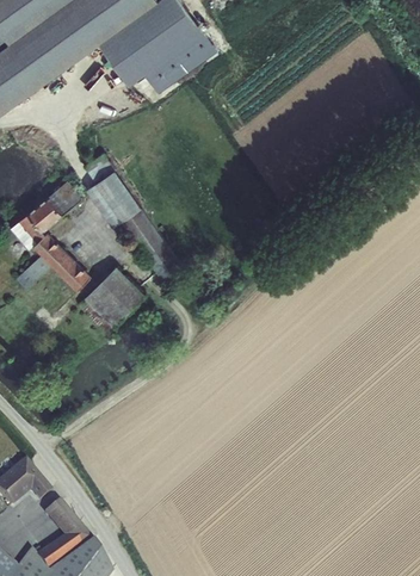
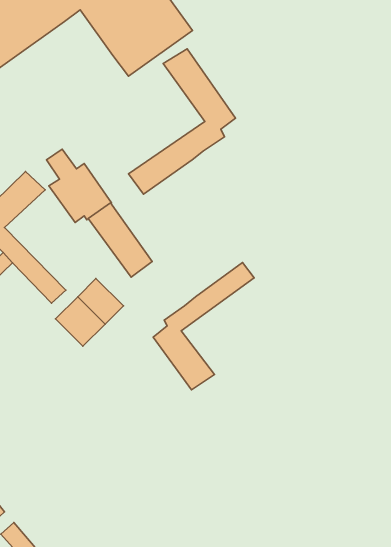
building: [100,32,144,85] -> none
building: none -> [129,49,235,194]
building: none -> [153,263,254,390]

